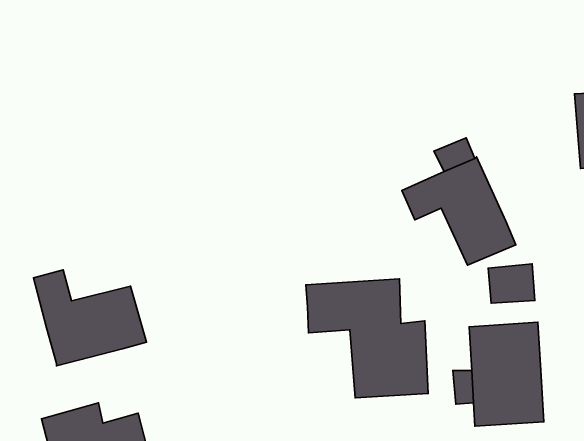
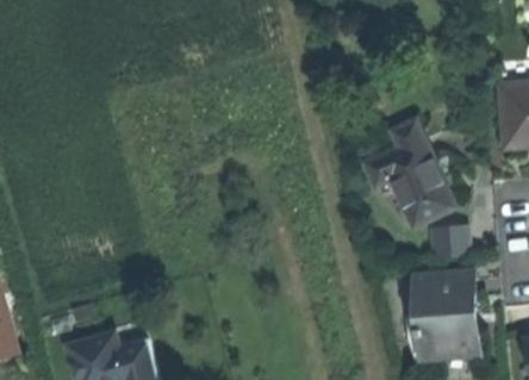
building: [33,270,146,366] -> none
building: [306,279,428,398] -> none

